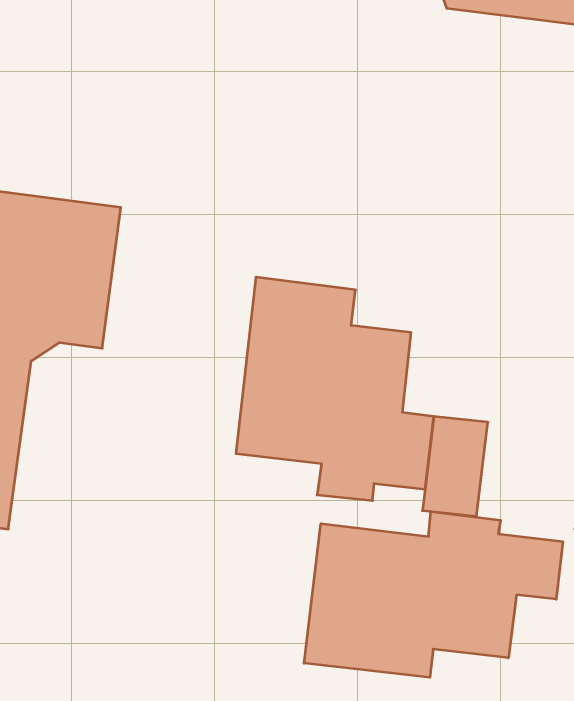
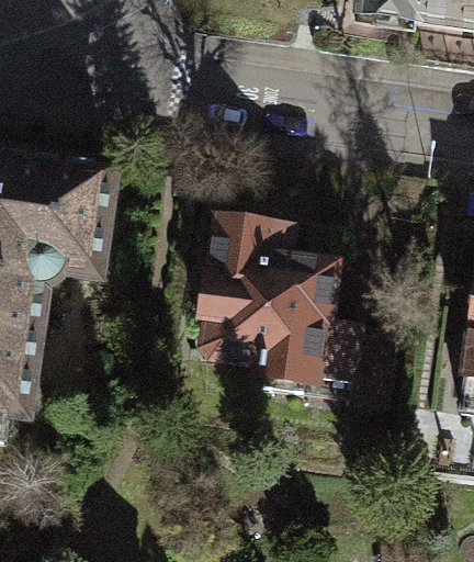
building: [304,511,563,677] -> none

